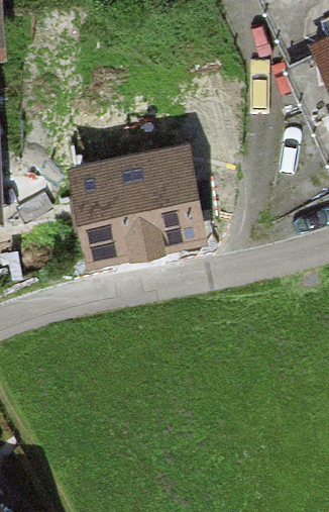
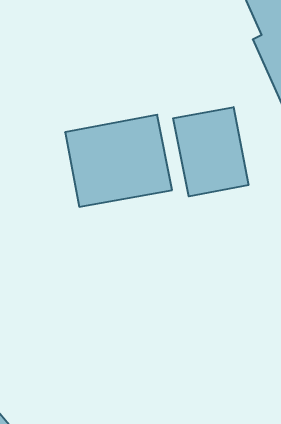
building: none -> [173,107,248,196]

